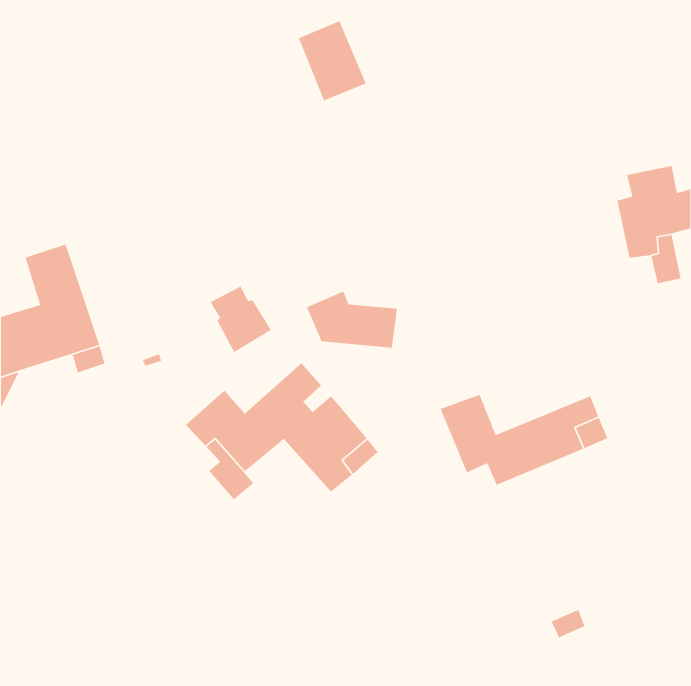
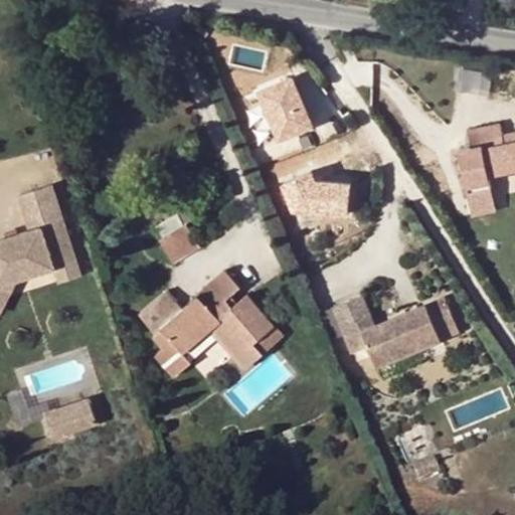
building: [298,20,367,101] -> [262,80,313,141]
building: [306,290,398,349] -> [284,174,352,217]
building: none -> [46,399,97,438]

